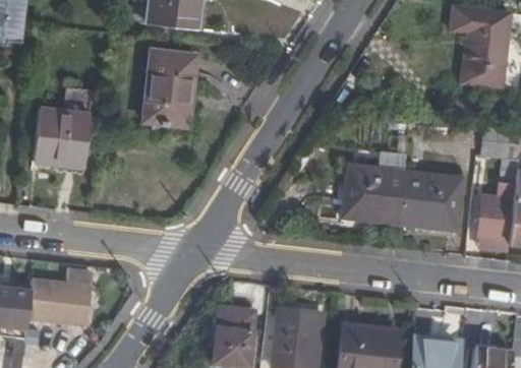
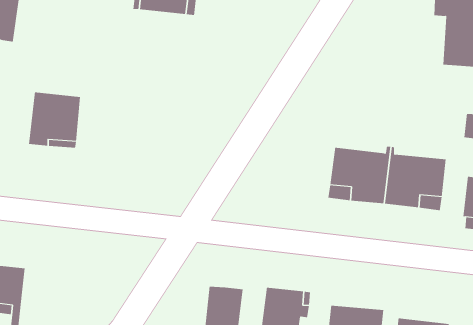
building: [140,50,196,136] -> none
building: [27,279,89,322] -> none

